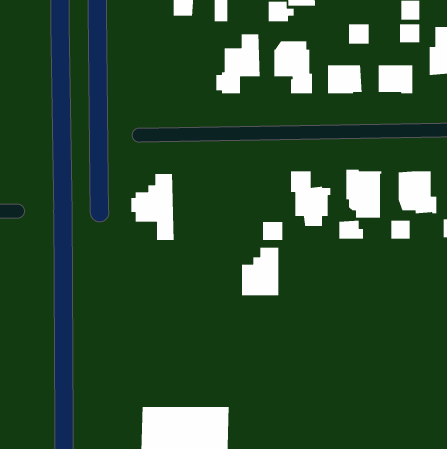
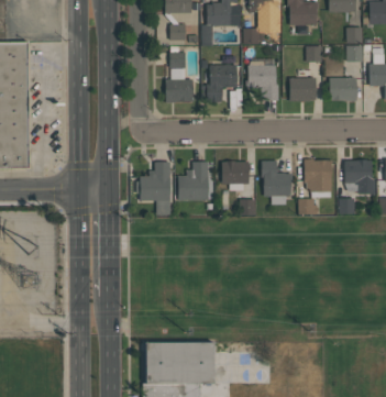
building: none -> [166,45,192,101]
building: none -> [221,161,249,189]
building: [241,247,279,296] -> [178,162,208,200]

